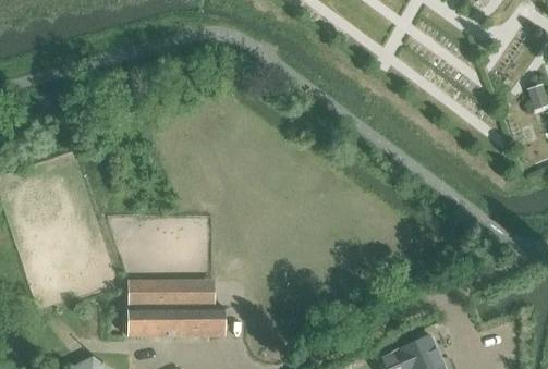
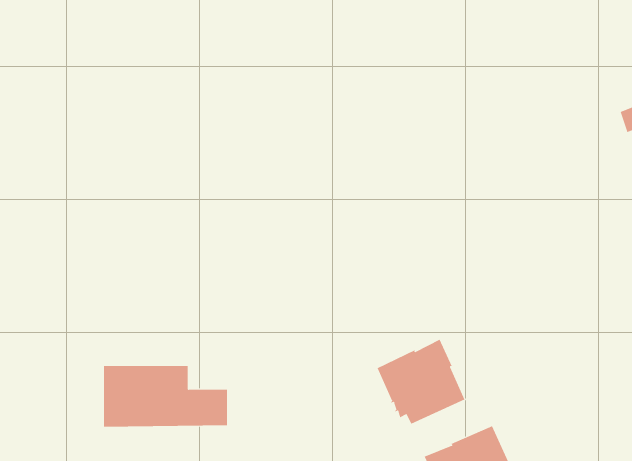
building: none -> [377,339,465,424]

